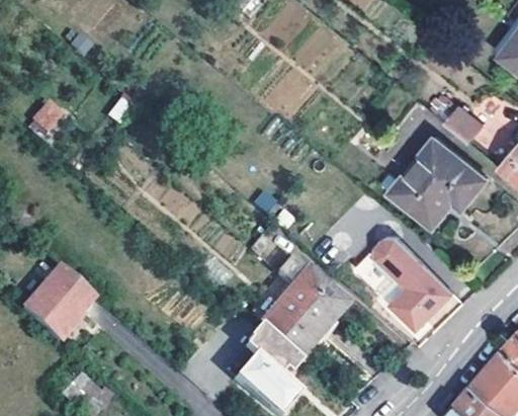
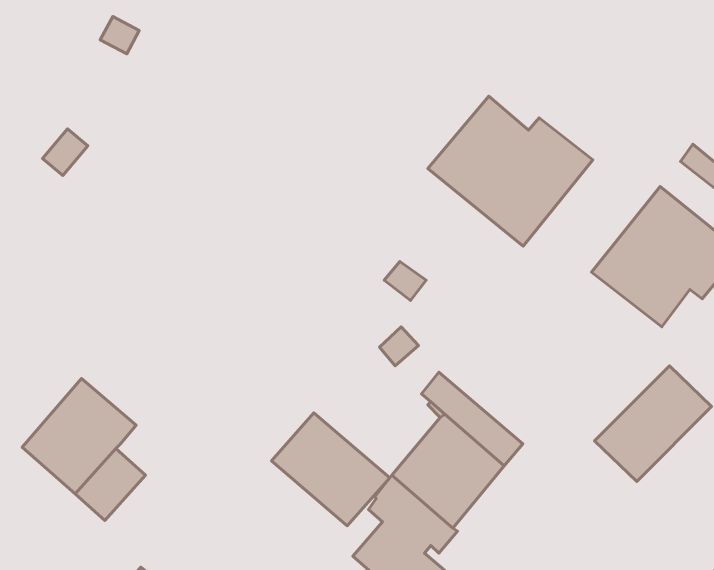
building: none -> [428,96,593,246]
building: [353,239,426,306] -> none
building: none -> [271,413,390,526]

